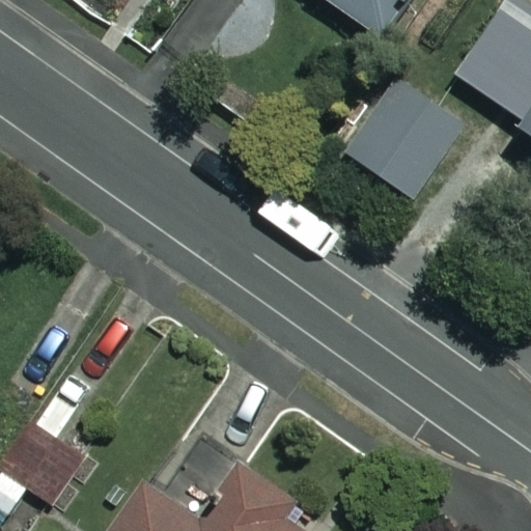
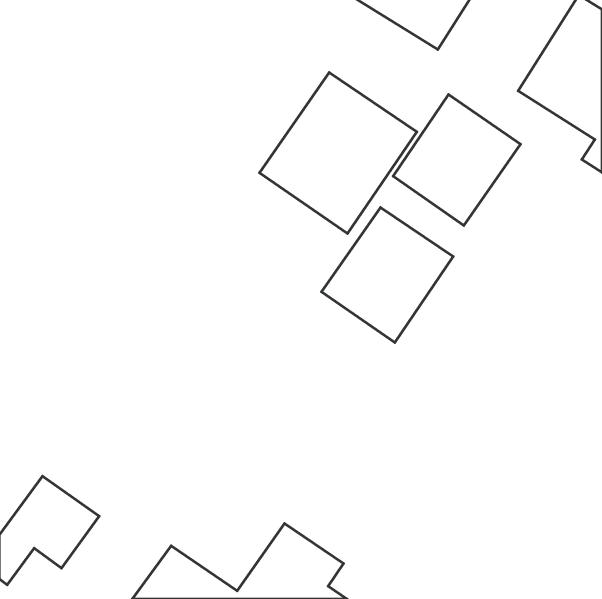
building: none -> [259,72,417,234]
building: none -> [322,207,453,342]

